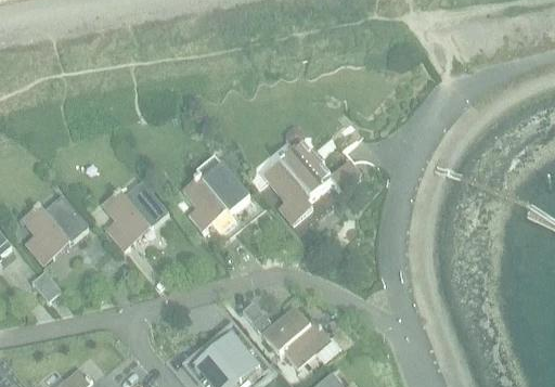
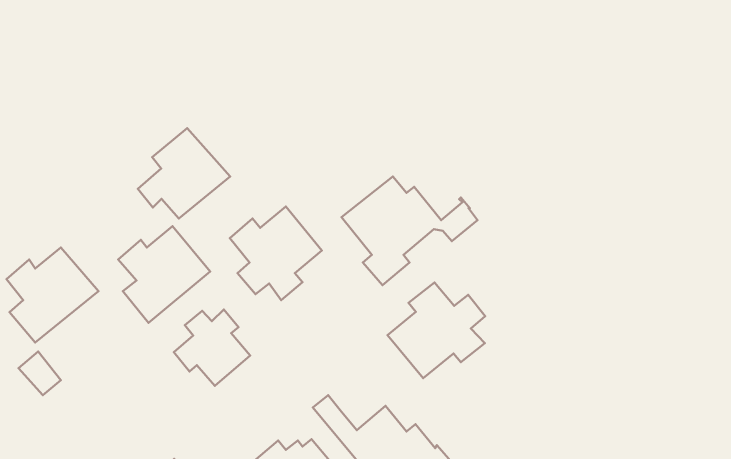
building: none -> [138,128,230,219]
building: none -> [388,282,485,378]
building: none -> [174,309,250,386]

